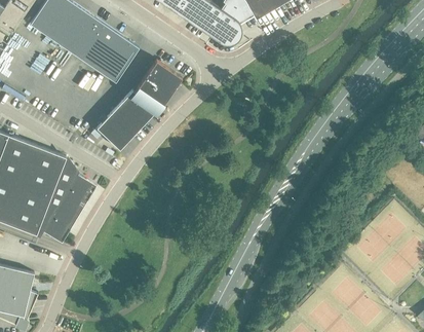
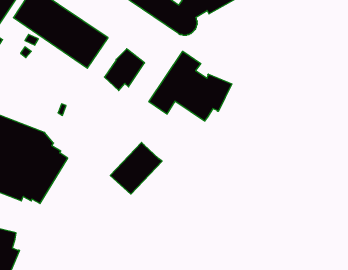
building: none -> [149,51,232,121]
building: [95,89,155,149] -> [110,142,162,194]

